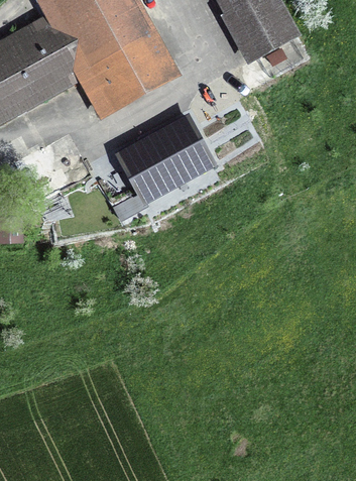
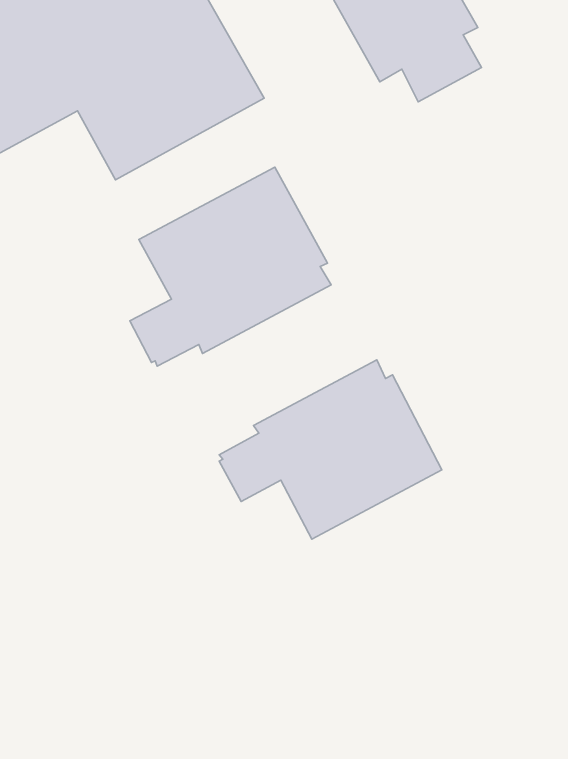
building: none -> [219,360,442,539]

